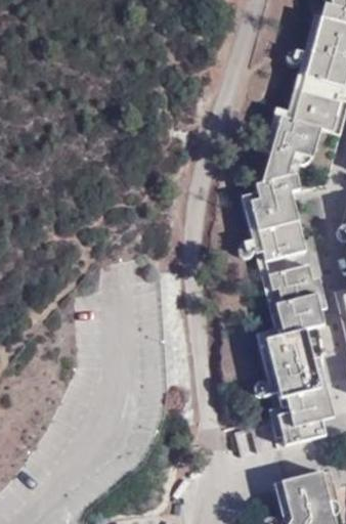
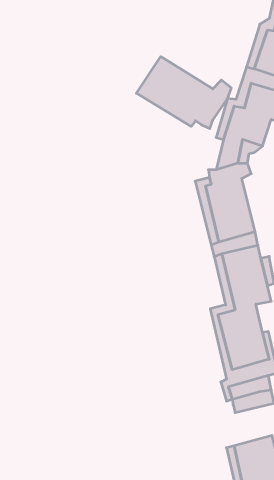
building: none -> [136,57,231,129]

